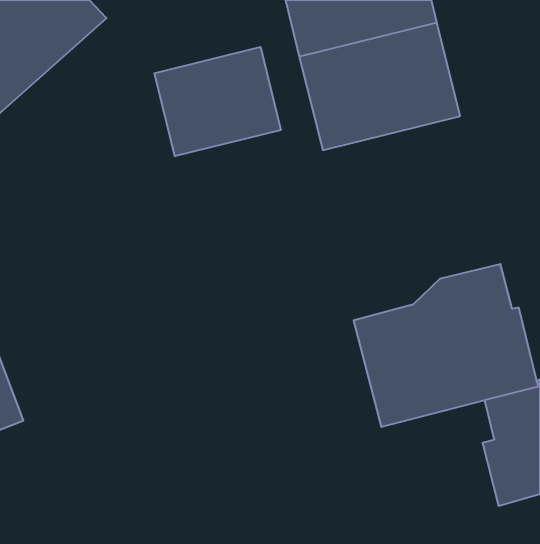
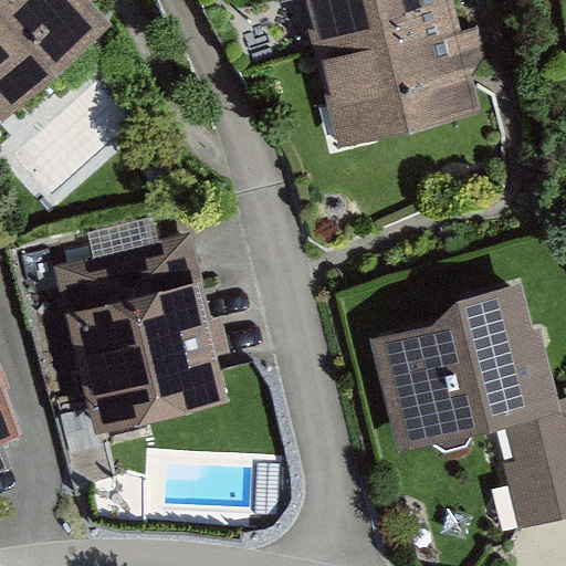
building: [154,47,281,156] -> none
building: none -> [59,239,227,433]

